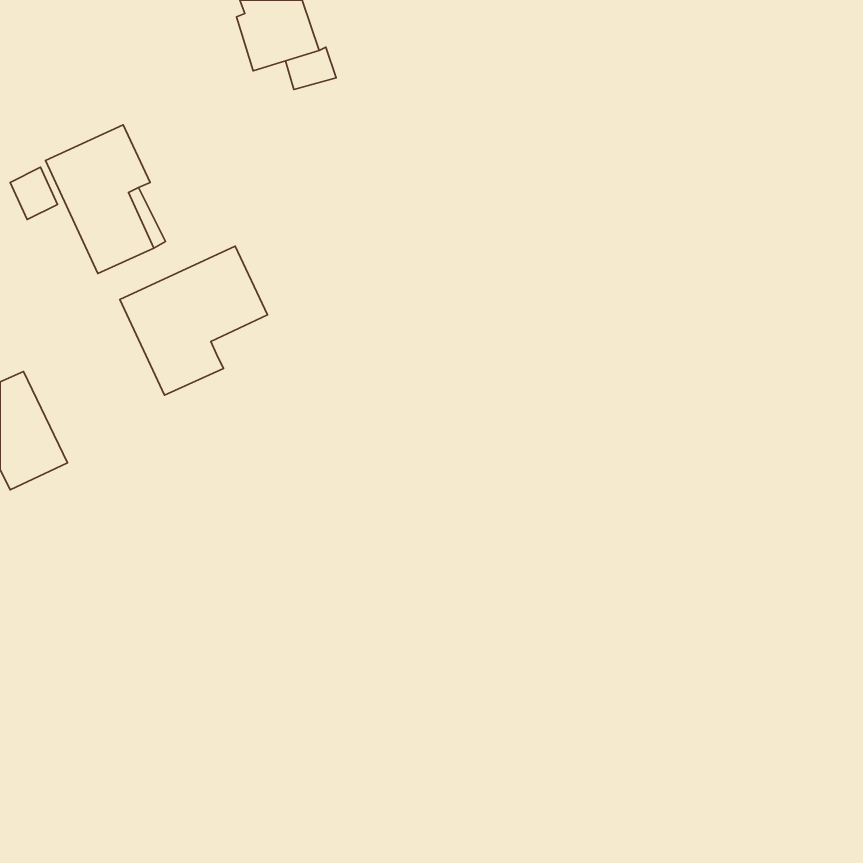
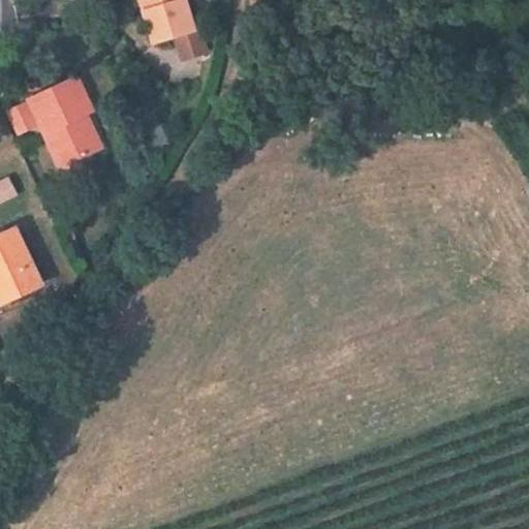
building: [120,246,267,395] -> none

